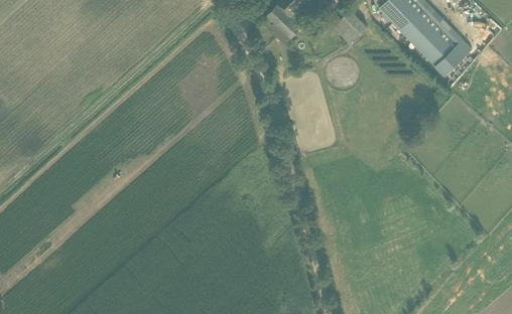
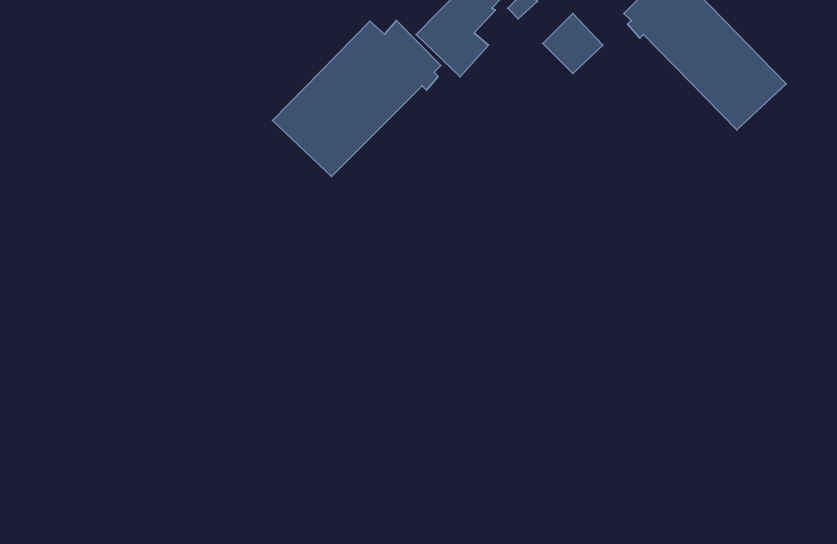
building: none -> [272,21,441,176]

